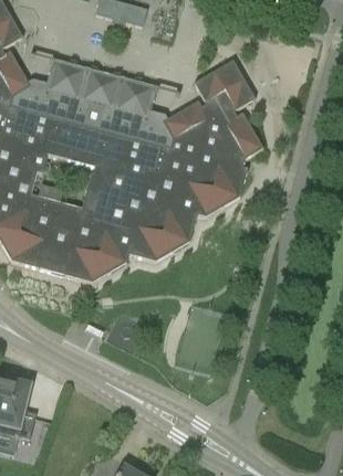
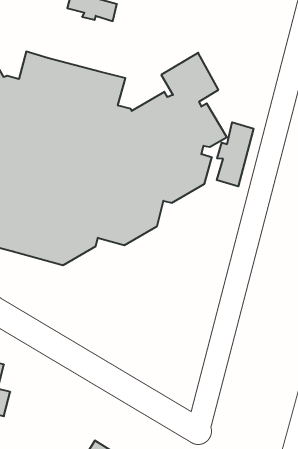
building: none -> [217,122,254,186]

